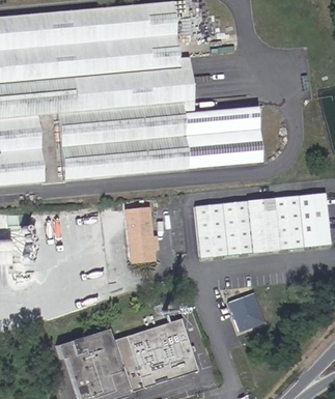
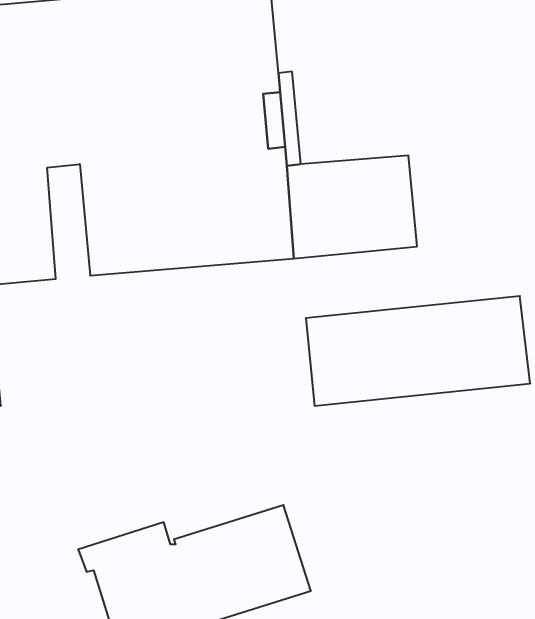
building: [125,207,153,261] -> none
building: [229,292,262,332] -> none

